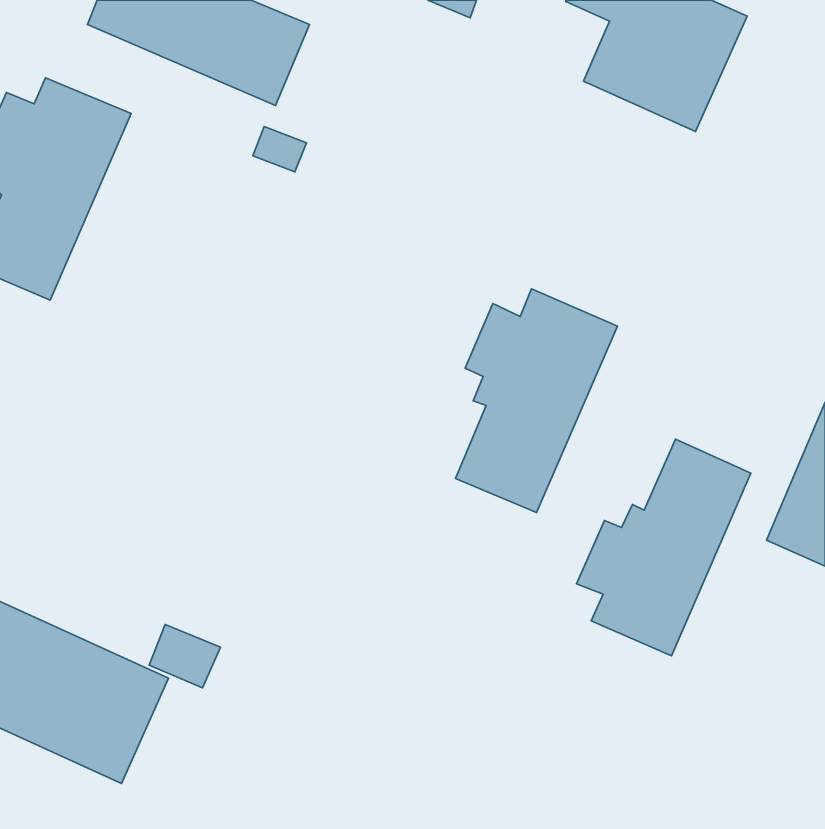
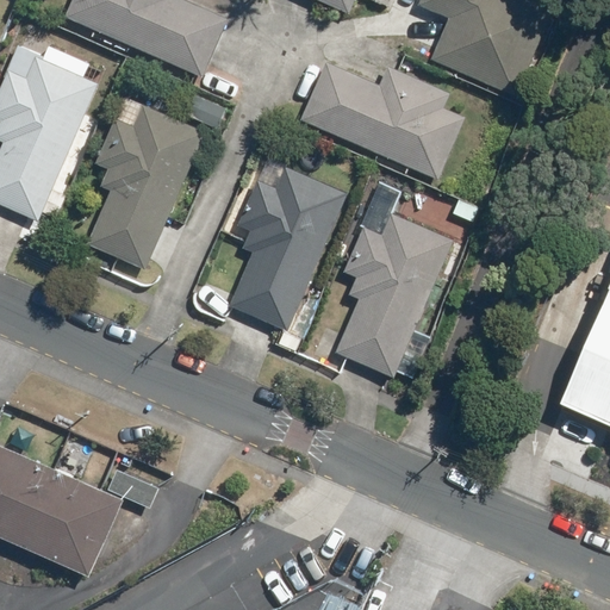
building: none -> [299,61,463,178]
building: none -> [87,104,205,268]
building: none -> [226,166,344,329]
building: [577,439,751,656] -> none

